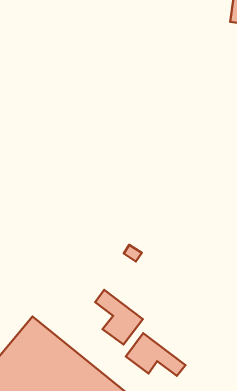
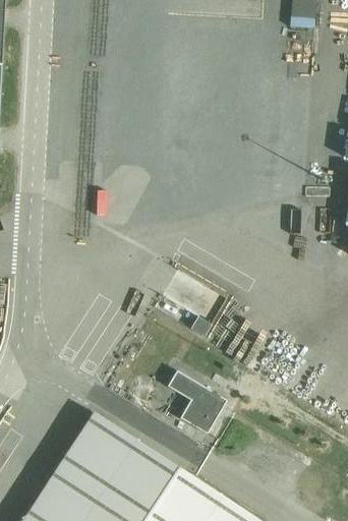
building: [126,333,186,376] -> none

